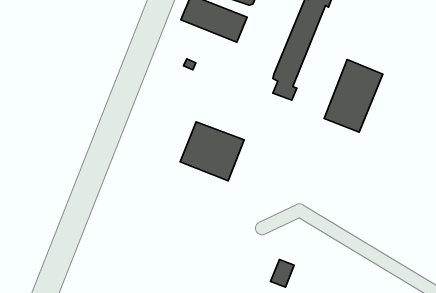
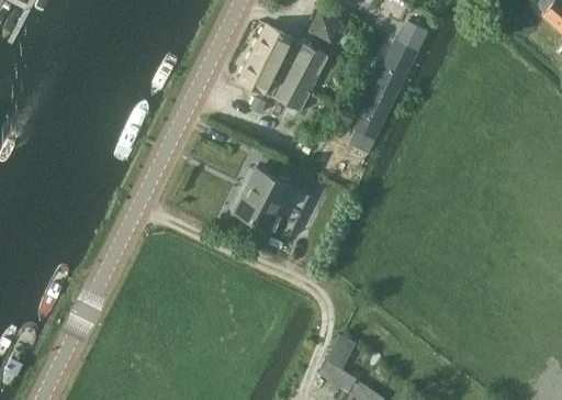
building: none -> [237,52,313,125]
building: [324,60,383,132] -> none

